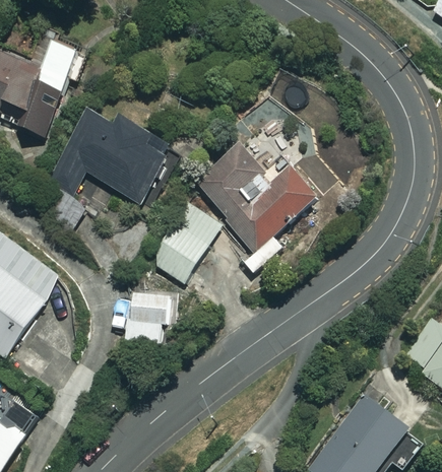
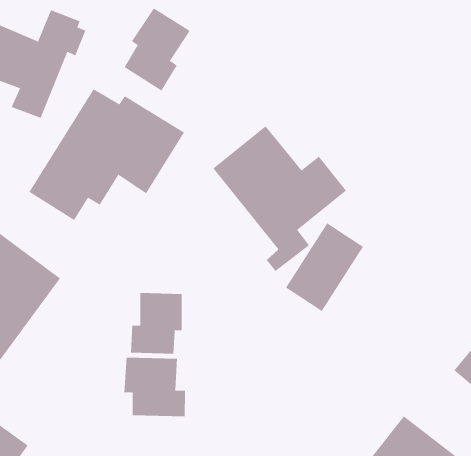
building: none -> [124,7,191,91]
building: [150,202,219,280] -> [285,223,364,312]
building: none -> [124,357,185,417]

